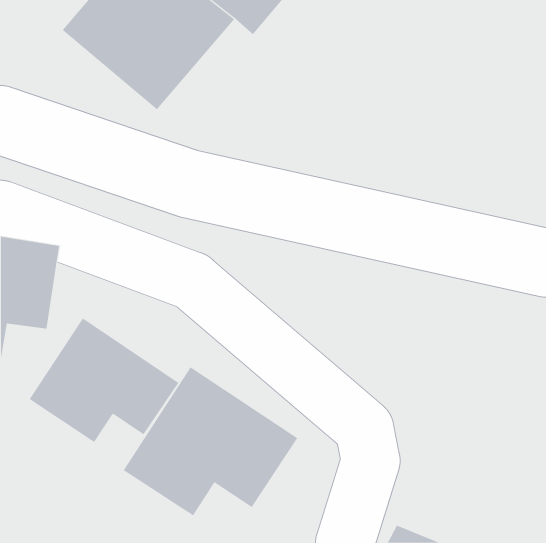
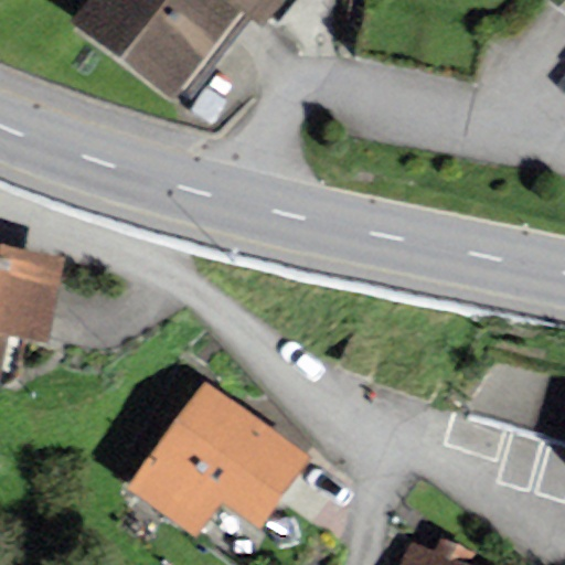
building: [29,318,179,443] -> none

